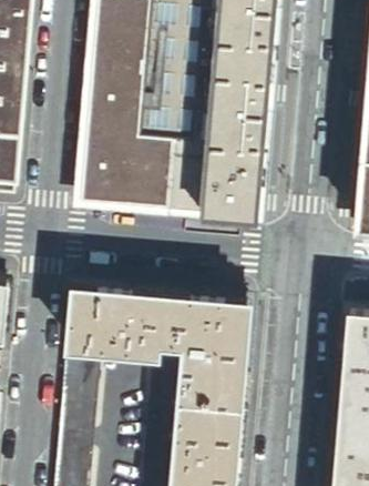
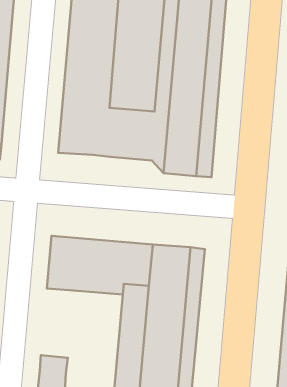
building: [61,350,99,429] -> none

